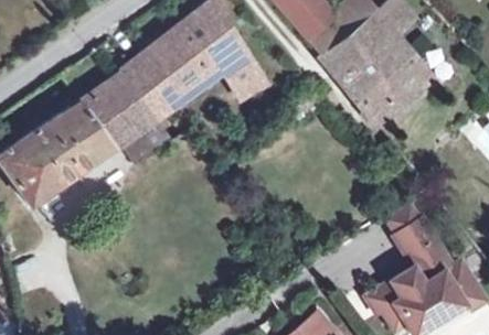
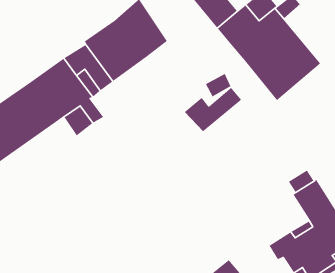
building: [221,52,265,97] -> none
building: none -> [184,87,242,132]

